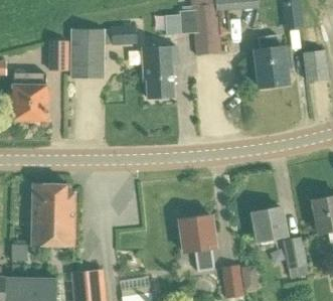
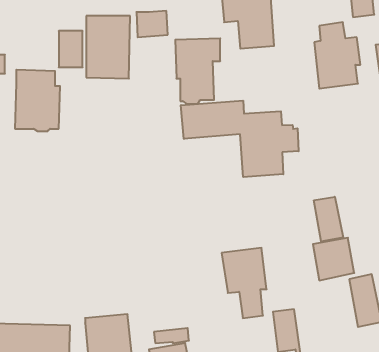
building: none -> [181,101,299,177]
building: none -> [314,197,343,242]
building: [28,183,75,245] -> none

